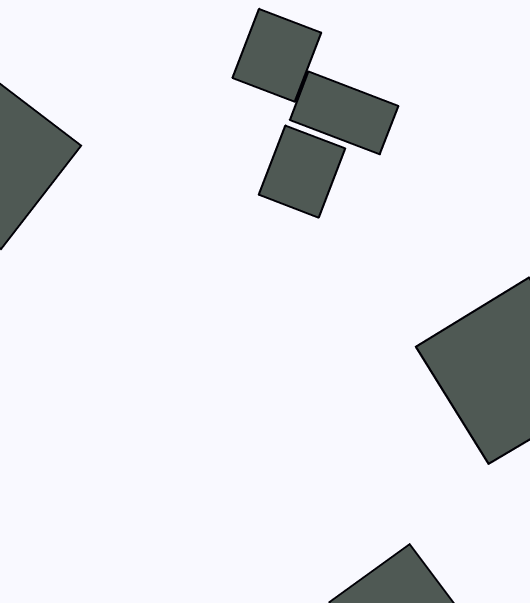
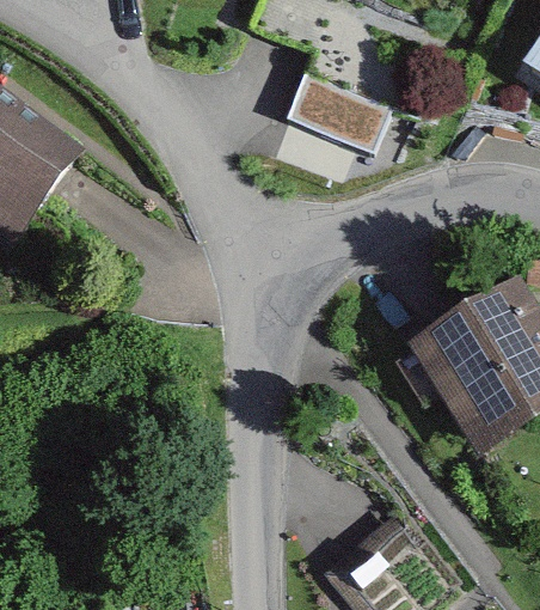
building: [233,9,321,102] -> none
building: [259,125,345,218] -> none

